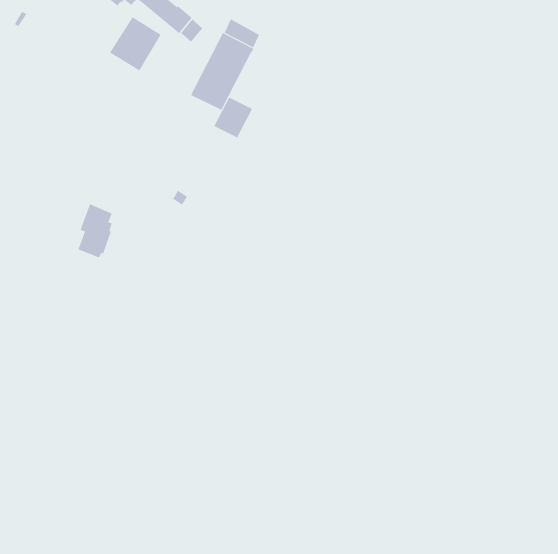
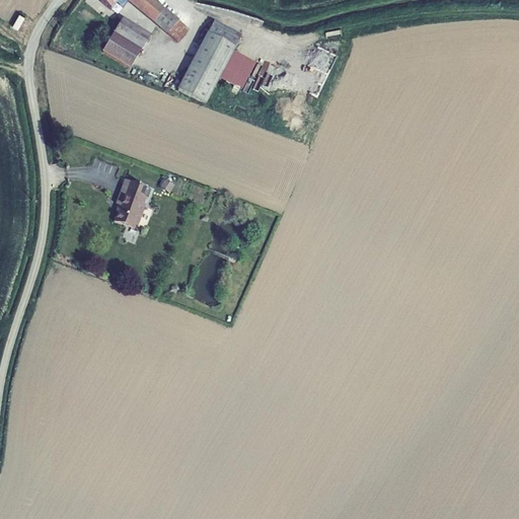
building: [213,97,253,138] -> [219,50,255,88]
building: [77,204,112,258] -> [114,176,146,227]

